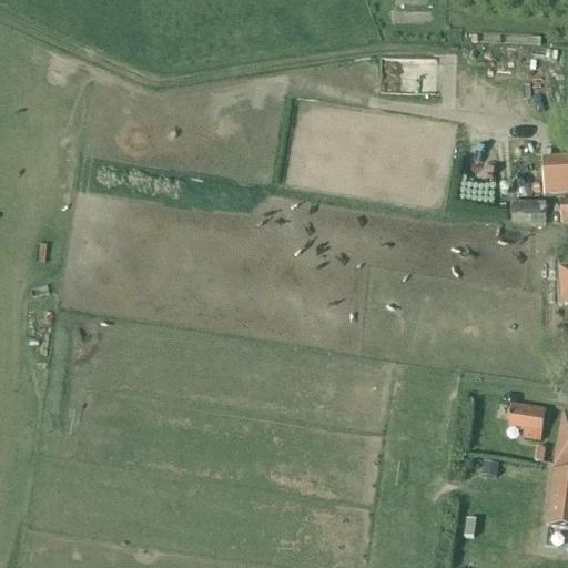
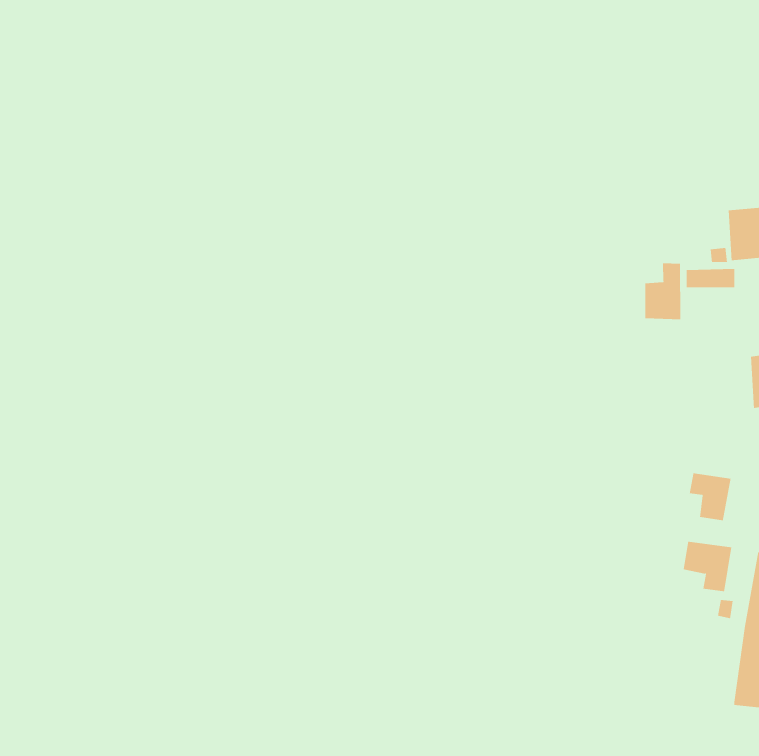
building: none -> [645,262,681,320]
building: none -> [689,472,731,521]

